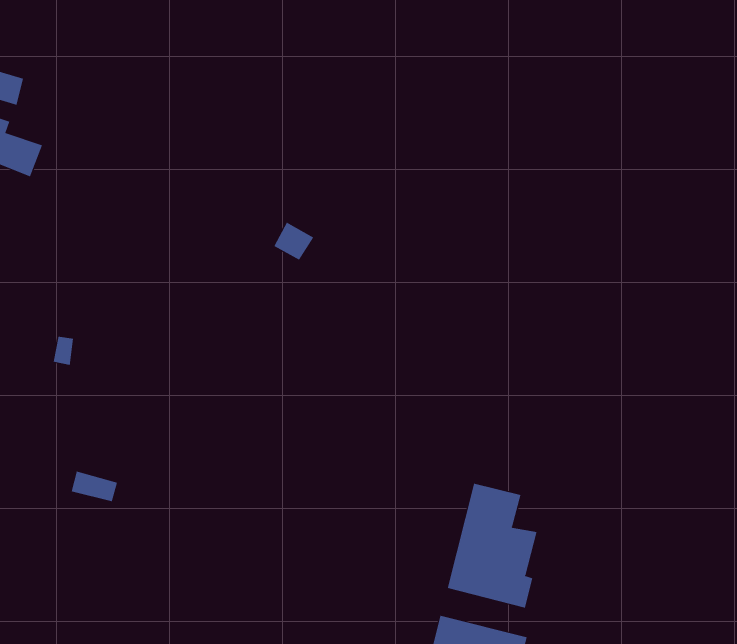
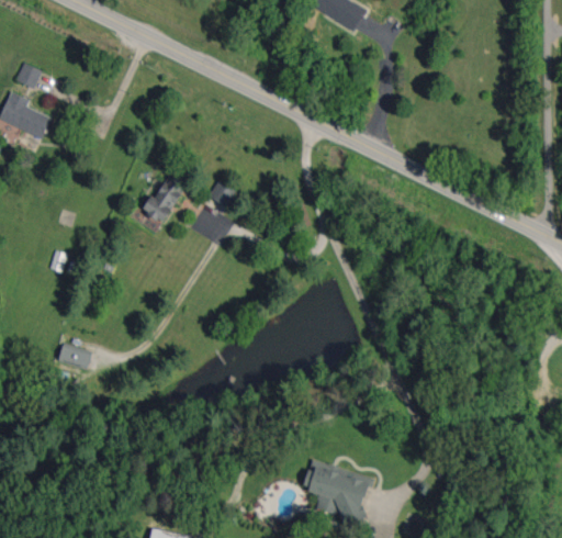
building: none -> [142,173,184,222]
building: [447,483,537,609] -> none

